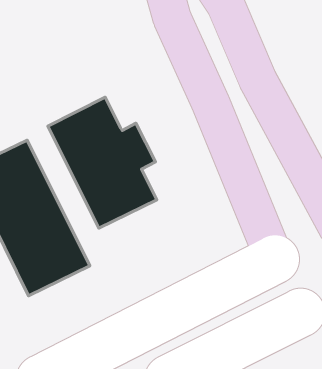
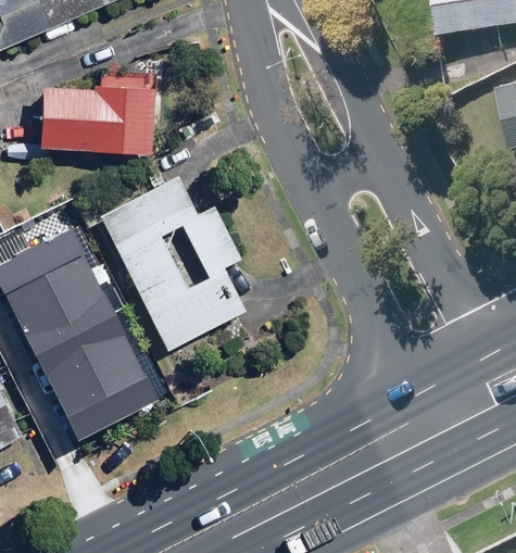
building: none -> [42,78,156,152]

